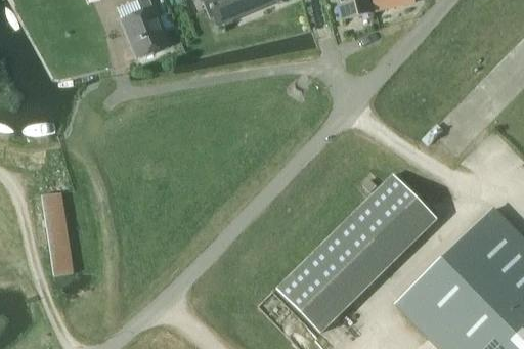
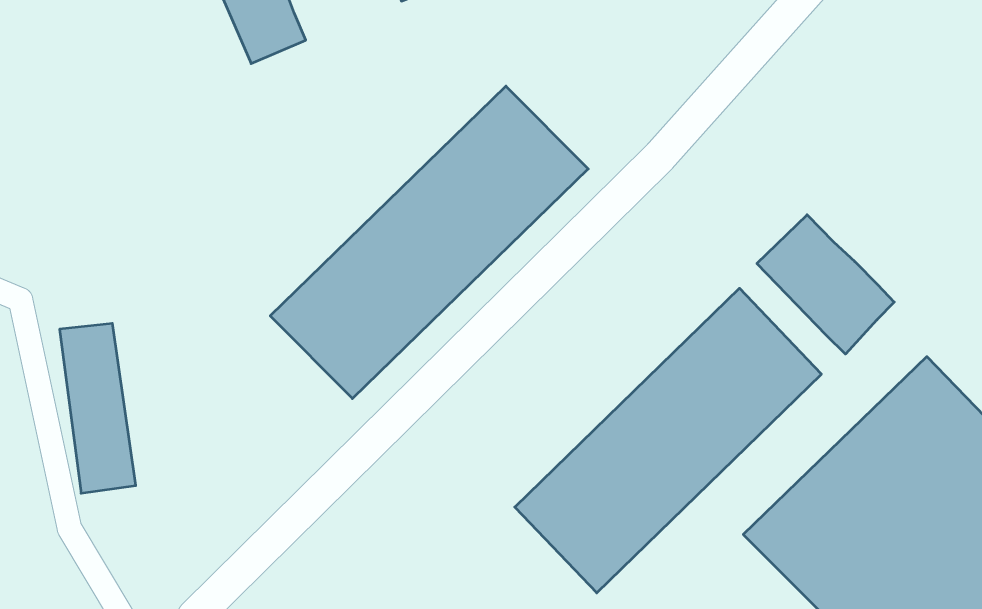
building: none -> [270,86,588,399]
building: none -> [757,215,894,354]

